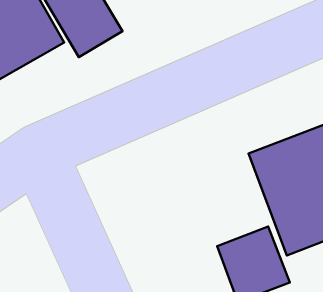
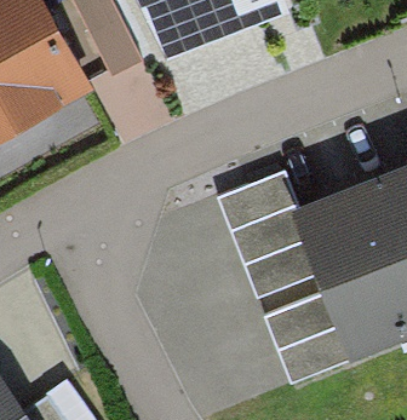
building: none -> [219,182,322,304]

